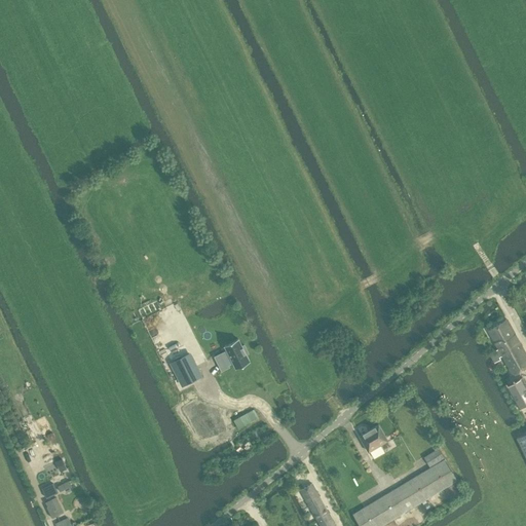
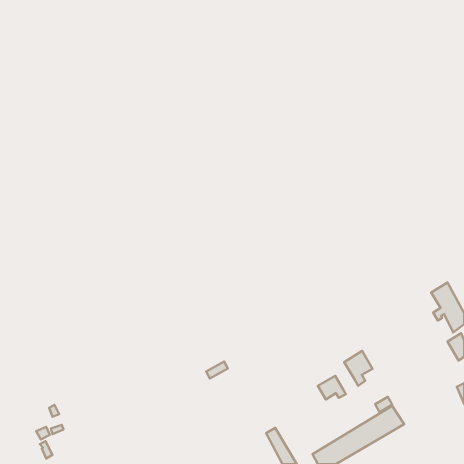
building: [215,339,250,371] -> none
building: [170,352,202,387] -> none
building: none -> [344,351,373,386]

